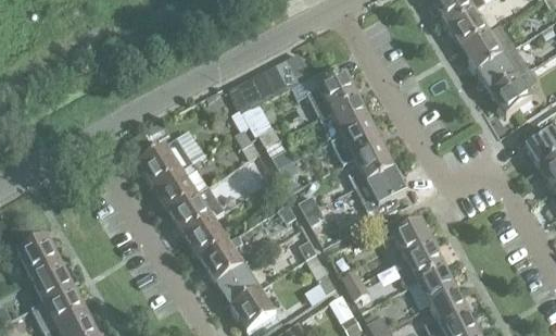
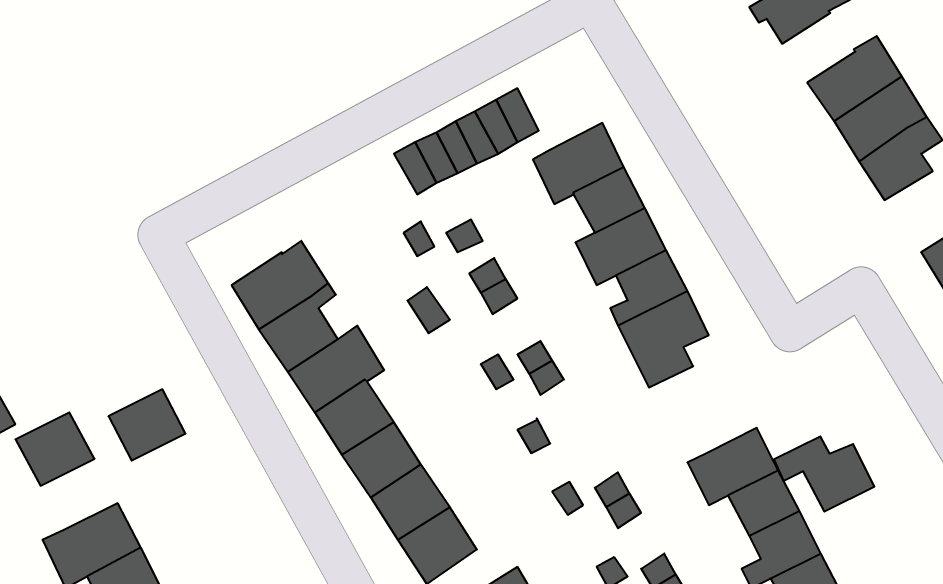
building: [446,9,488,48] -> none
building: [376,214,432,257] -> [774,436,874,512]
building: [29,260,73,300] -> [108,389,186,461]

